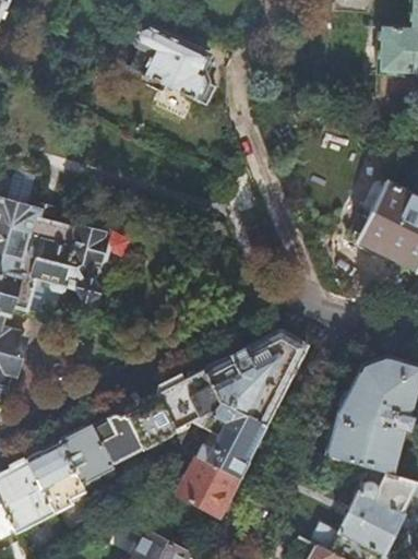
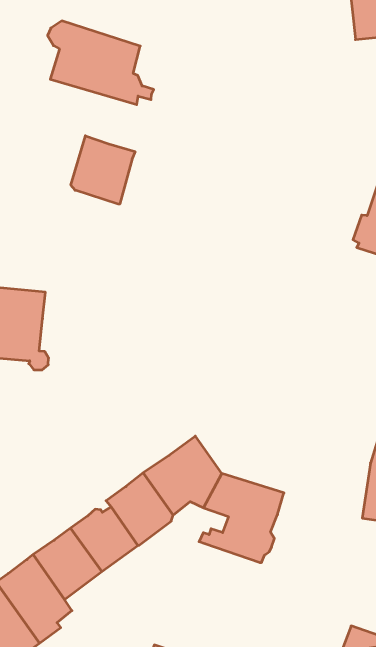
building: none -> [71,136,135,204]
building: [204,330,309,425] -> none
building: [179,455,240,518] -> none

